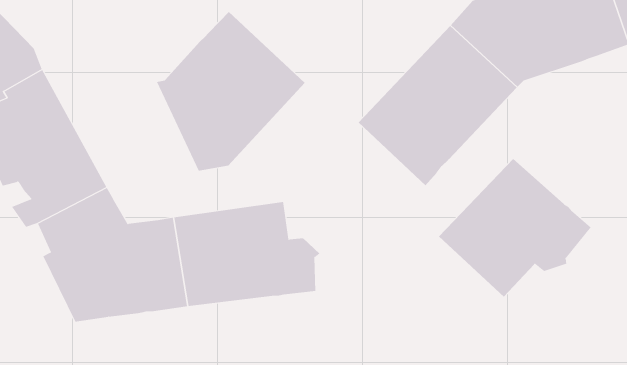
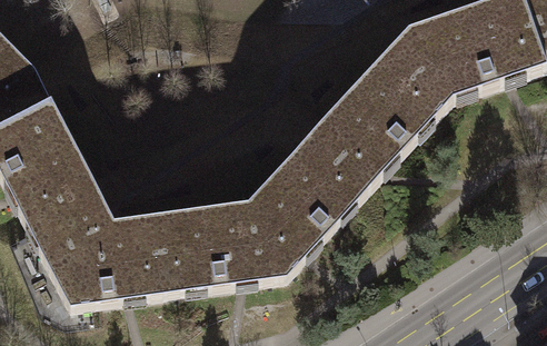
building: [156,11,305,172] -> none
building: none -> [248,131,369,276]
building: [438,158,591,298] -> none

